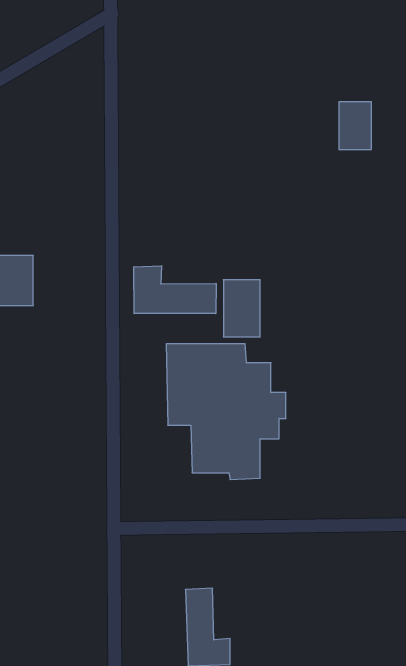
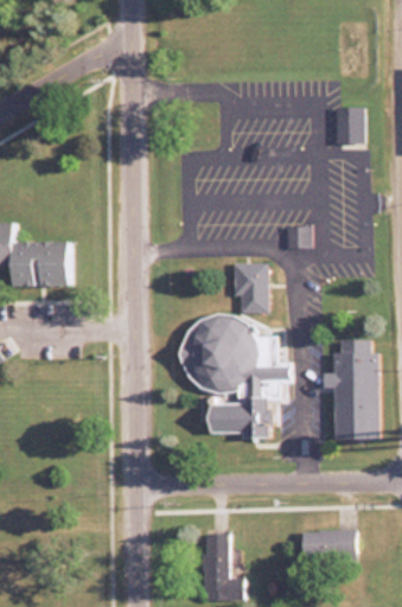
building: [134,266,216,314] -> none
building: none -> [321,340,378,439]
building: none -> [301,530,355,561]

